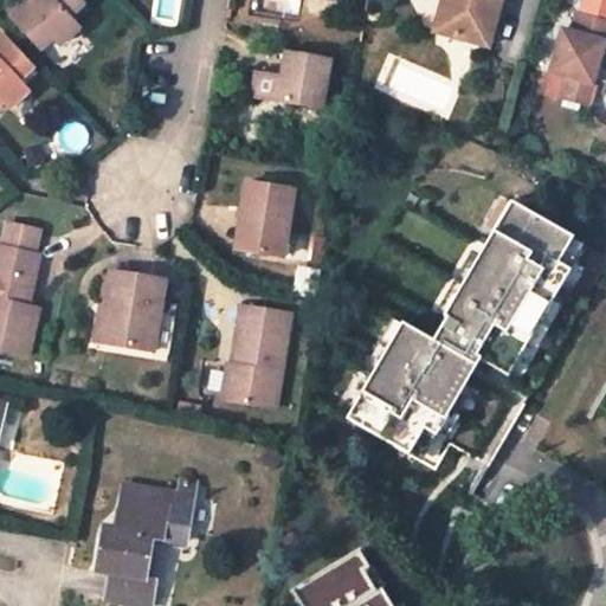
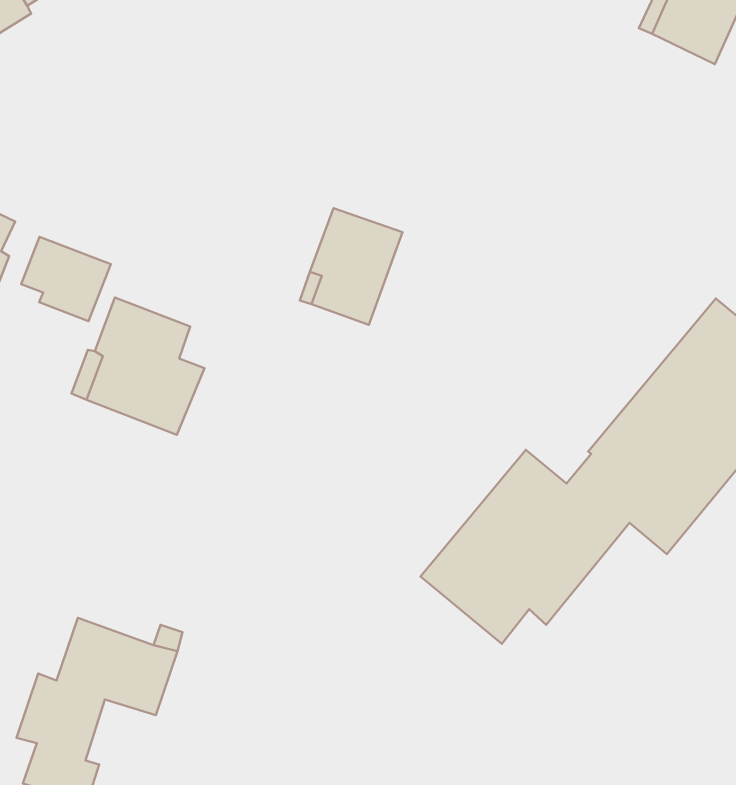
building: [251,54,328,110] -> none
building: none -> [21,237,111,321]
building: [225,304,290,407] -> none

